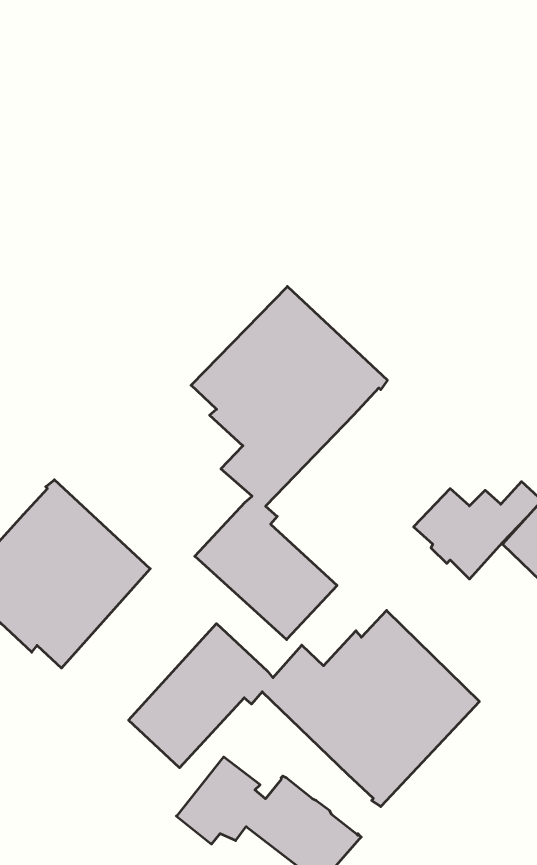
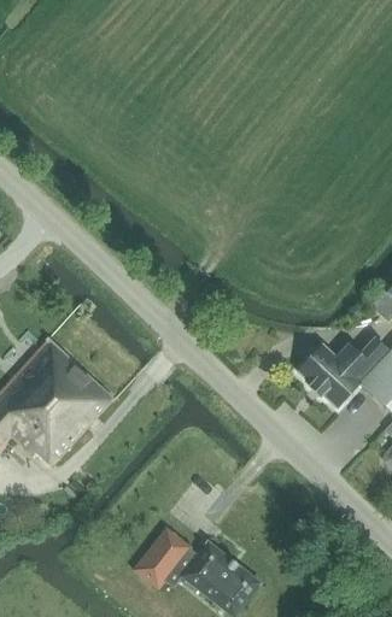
building: [191,286,387,640] -> none
building: [129,610,479,807] -> none

